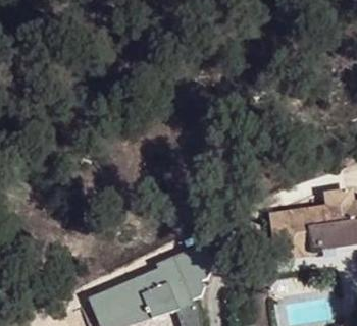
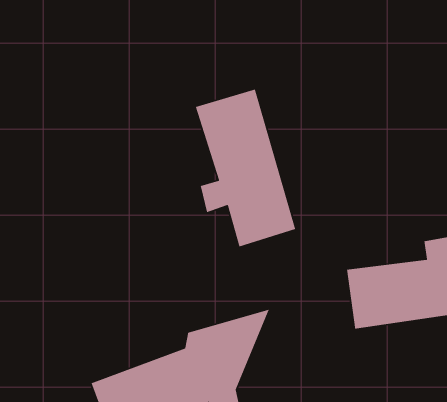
building: none -> [195,89,296,248]

